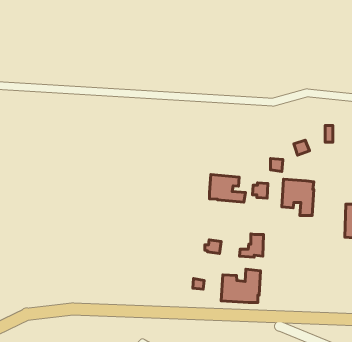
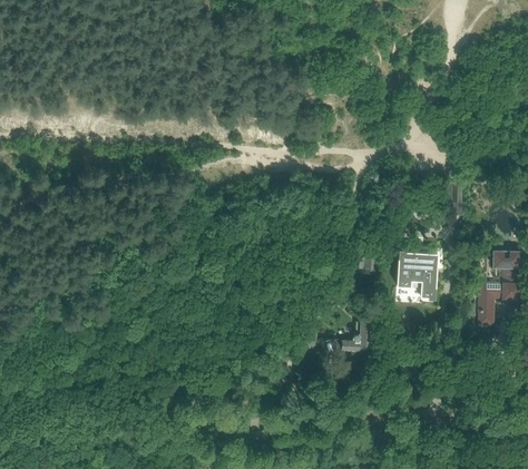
building: [209,175,246,202] -> none
building: [221,269,260,303] -> none

